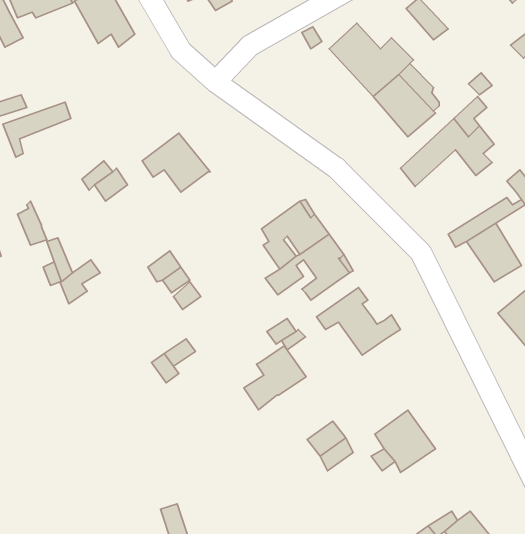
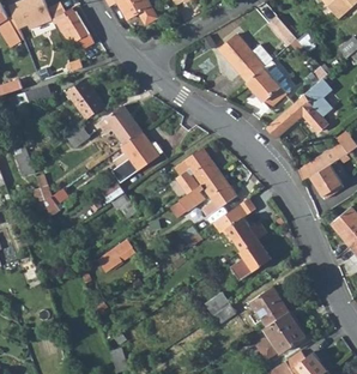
building: none -> [66,78,103,117]
building: none -> [111,129,162,180]
building: [244,346,306,410] -> [230,239,271,280]
building: none -> [264,310,304,354]

